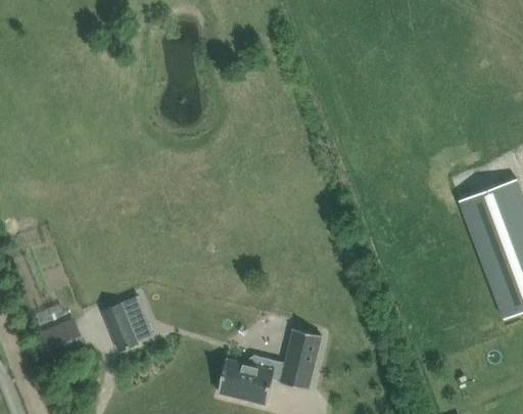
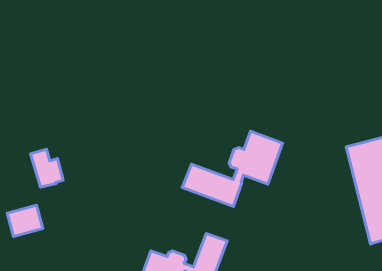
building: none -> [182,131,282,206]
building: [102,302,147,351] -> [30,149,63,187]

